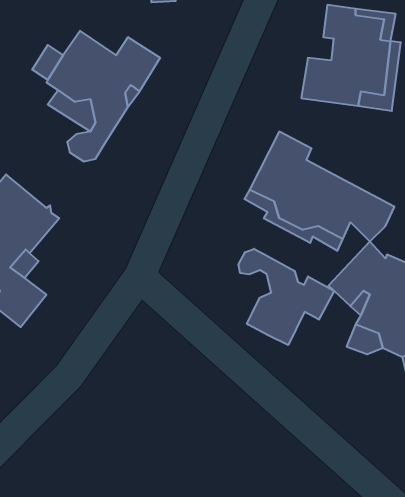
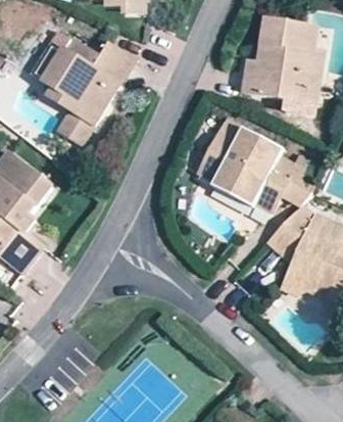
building: [238,249,334,345] -> none

